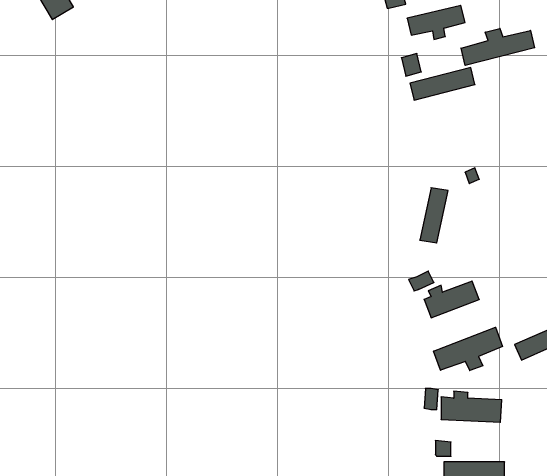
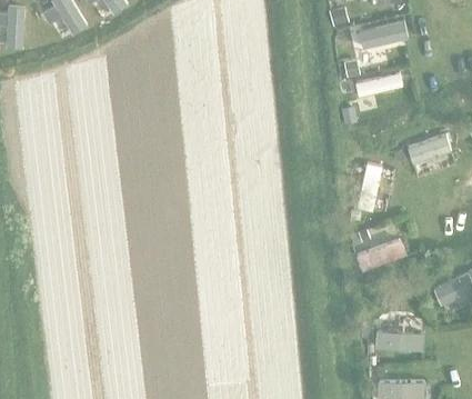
building: [461,28,535,65] -> none
building: none -> [406,136,450,164]
building: [434,327,503,371] -> none

